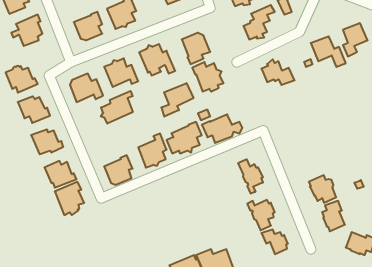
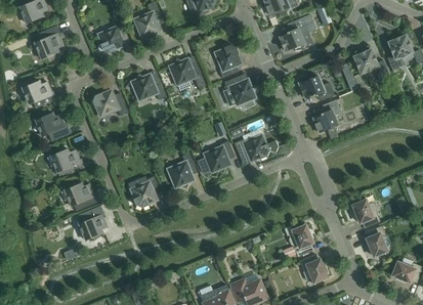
building: [161,83,193,117] -> none
building: none -> [313,99,341,138]
building: [101,91,133,124] -> none
building: [238,159,263,194] -> none

